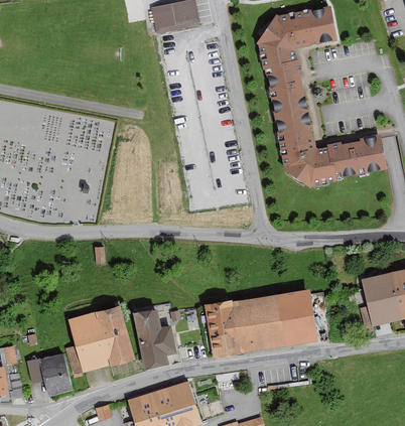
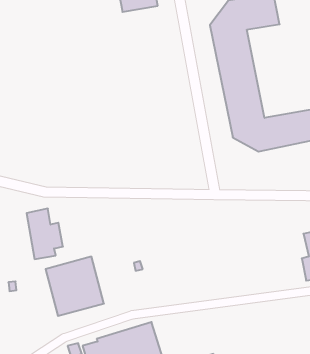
building: [205,288,317,356] -> none
building: [135,309,176,367] -> [27,209,63,259]
building: [25,352,72,395] -> none

